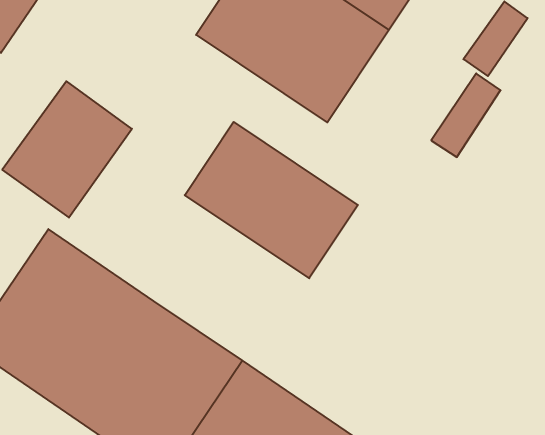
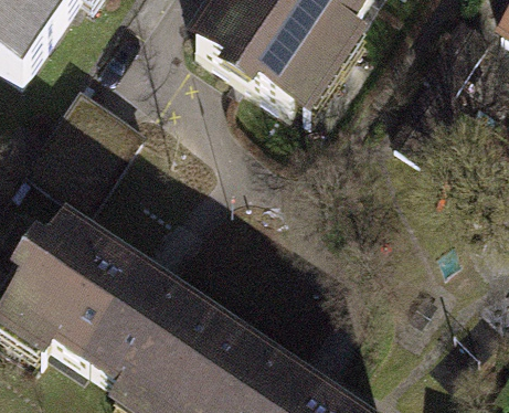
building: [185,122,358,278] -> none

